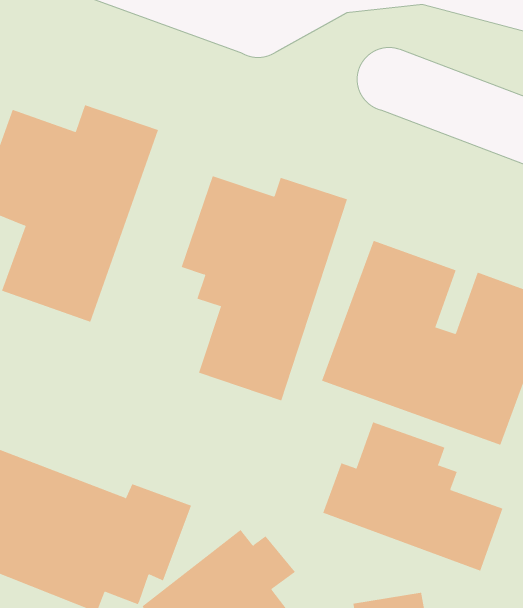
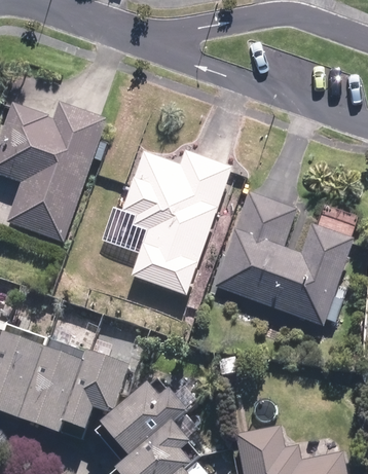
building: [322,422,503,571] -> none

